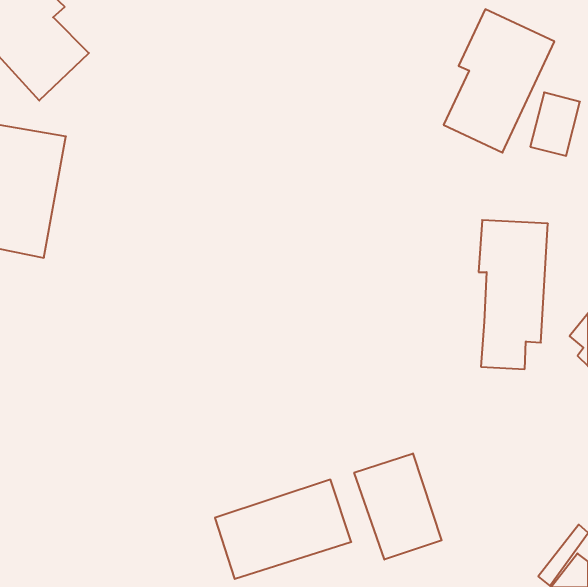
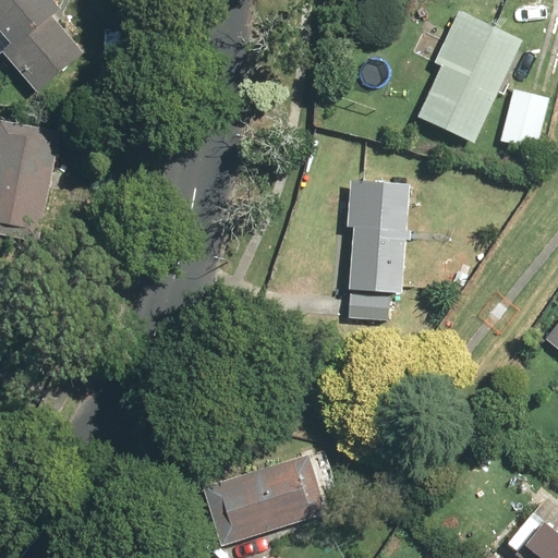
building: [479,220,548,369] -> [344,179,410,319]
building: [354,453,442,560] -> none

